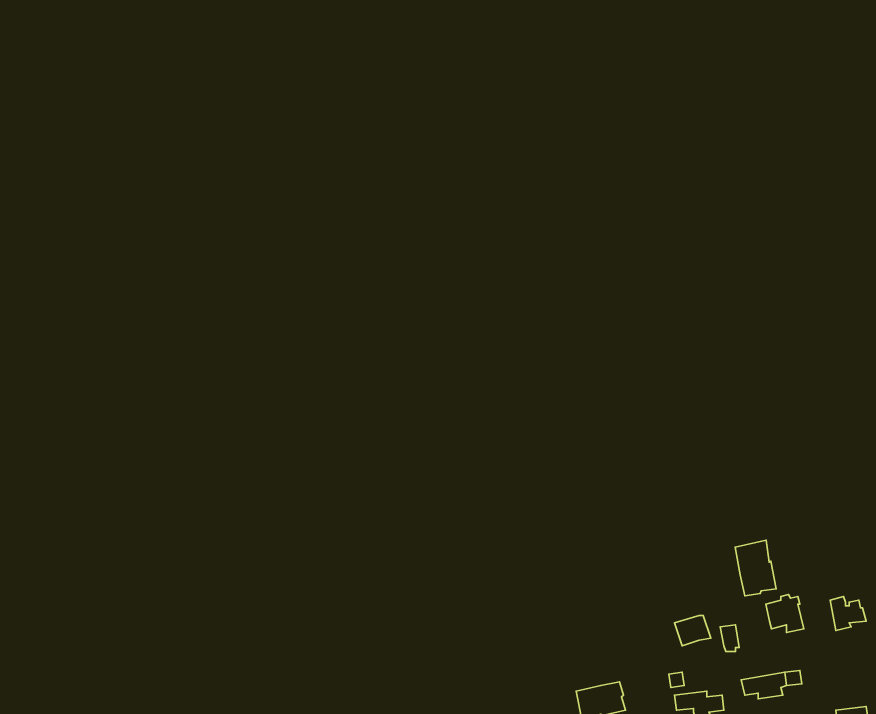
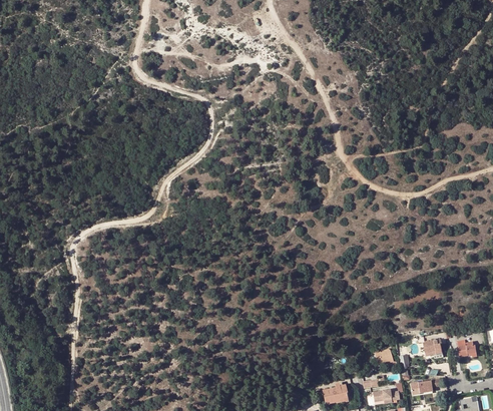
building: [735,540,776,596] -> none

